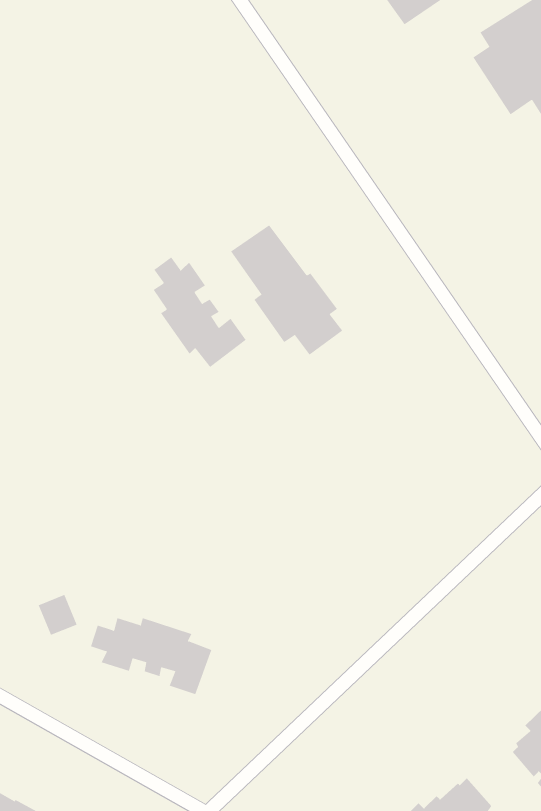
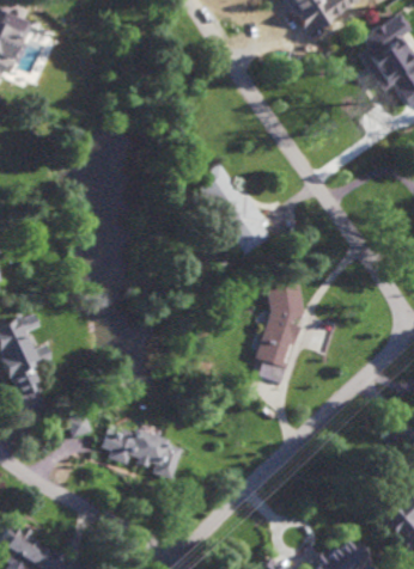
building: [153,257,246,368] -> none
building: none -> [258,284,308,384]

